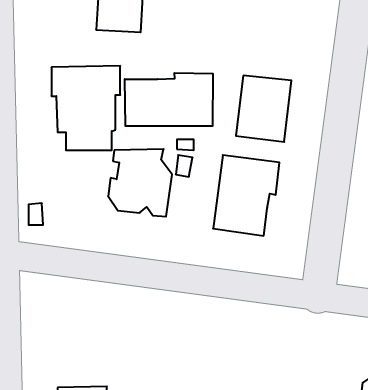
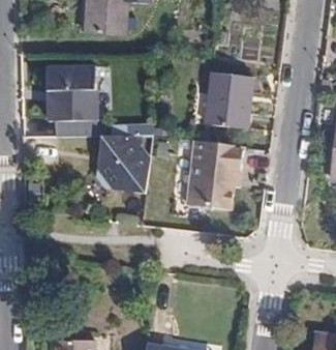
building: [125,73,213,126] -> none

